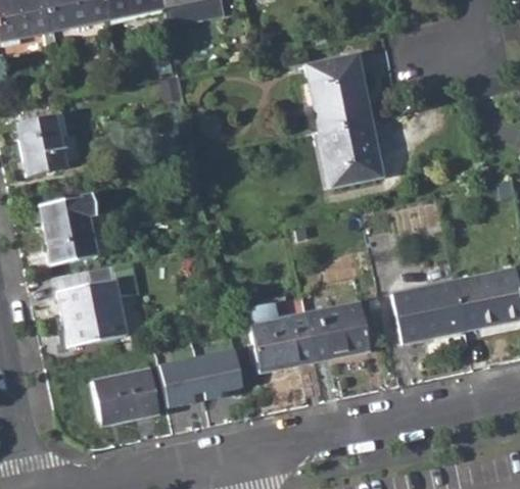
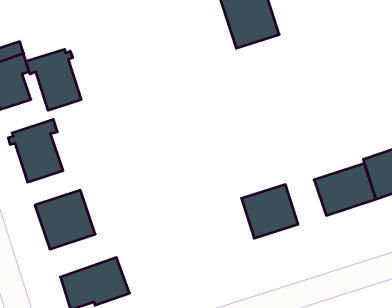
building: none -> [26,49,81,110]
building: [319,120,384,187] -> none
building: [251,311,317,372] -> none
building: [150,346,243,410] -> none

